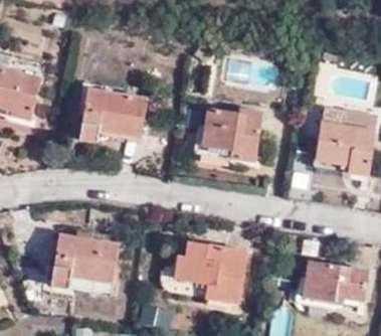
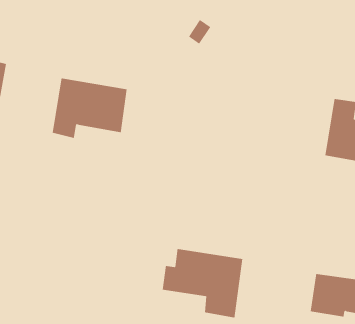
building: [201,109,261,162] -> none
building: [49,235,116,289] -> none

